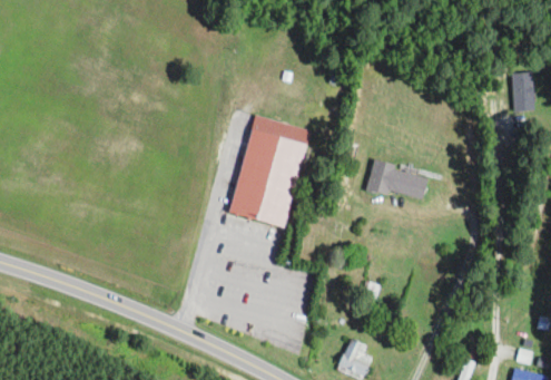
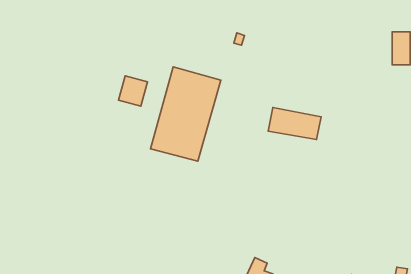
building: none -> [118,76,148,106]

